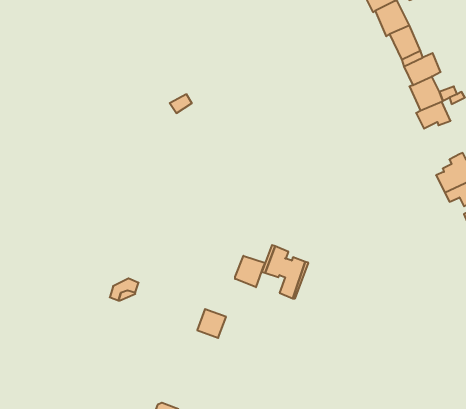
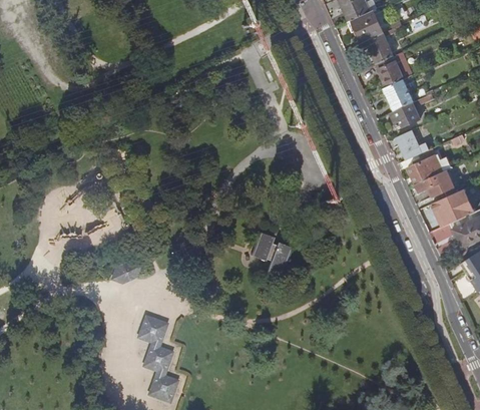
building: none -> [396,130,428,160]
building: [235,256,265,287] -> none
building: [197,309,226,338] -> [139,318,165,344]
building: none -> [144,347,170,373]

